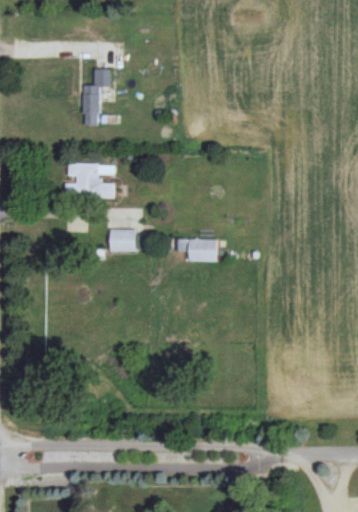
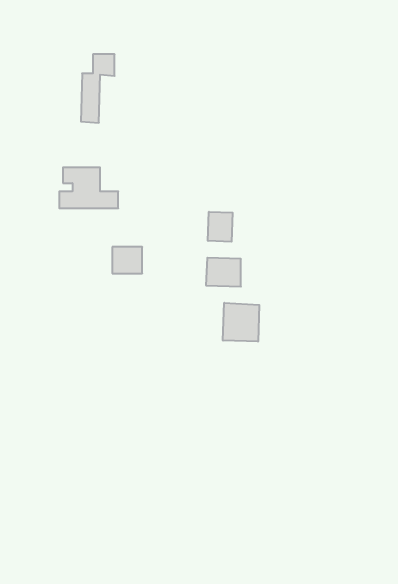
building: none -> [208,212,233,242]
building: none -> [223,303,259,342]

